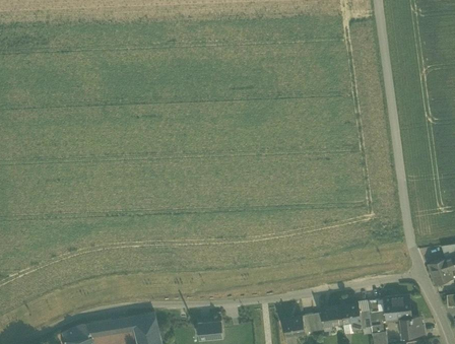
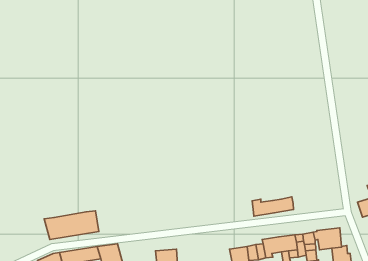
building: none -> [252,197,293,216]
building: none -> [44,211,99,239]

